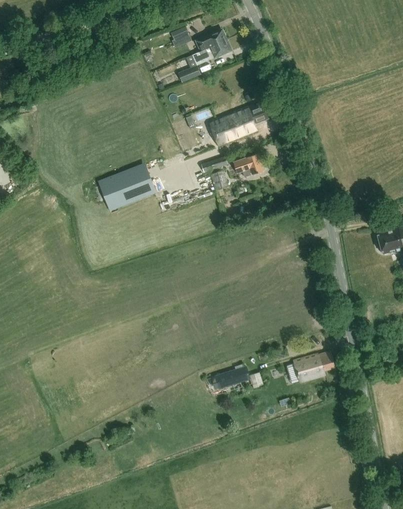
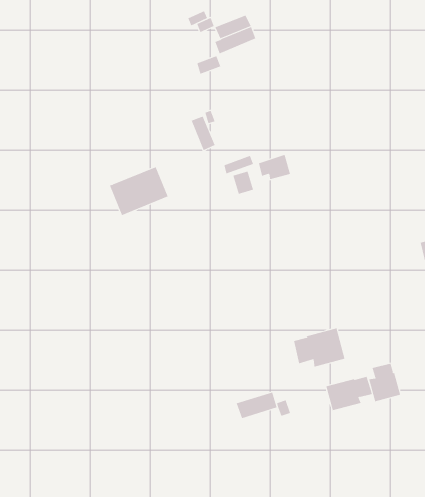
building: [208,100,269,147] -> none
building: none -> [293,328,345,368]
building: none -> [369,363,401,402]

